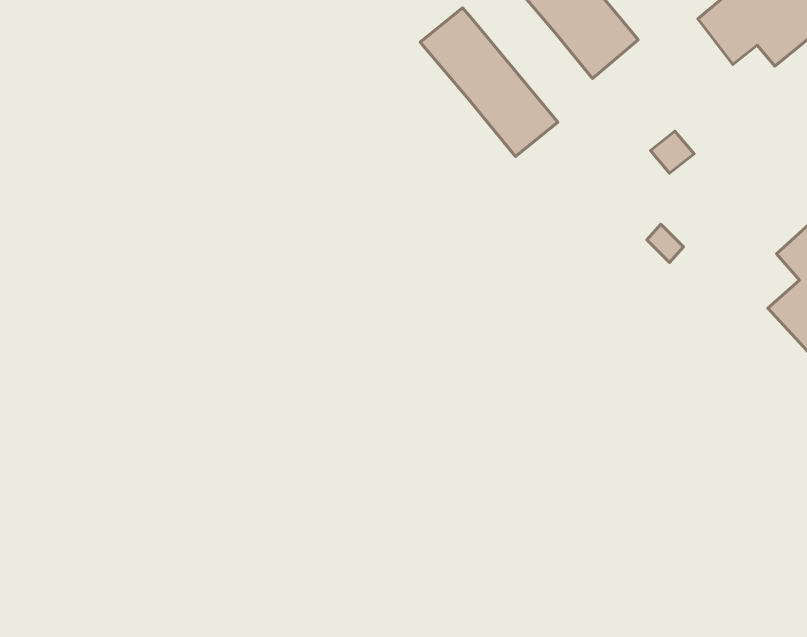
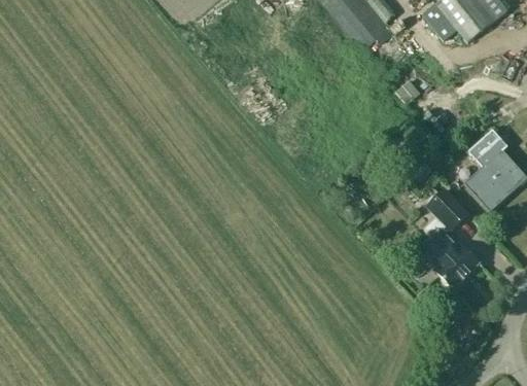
building: [420,8,558,156] -> none
building: none -> [420,187,478,288]

